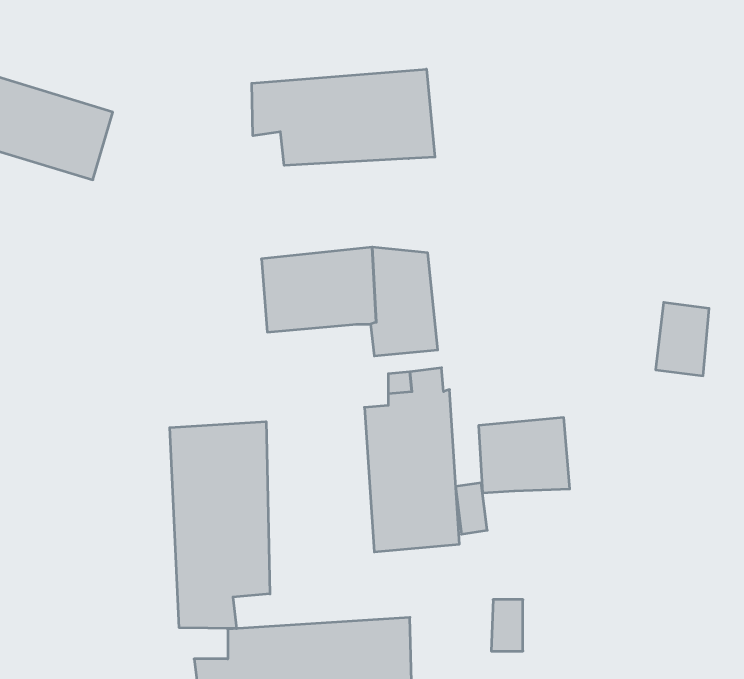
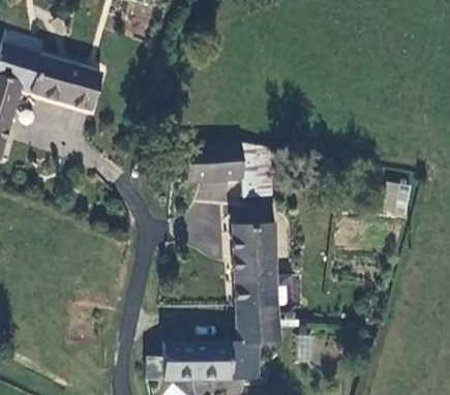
building: [252,69,435,165] -> none
building: [479,418,570,493] -> [236,301,283,340]
building: [170,422,270,629] -> none

